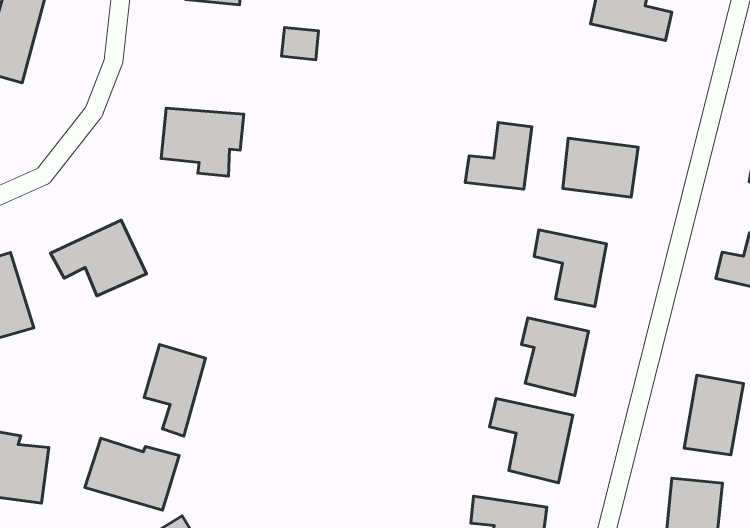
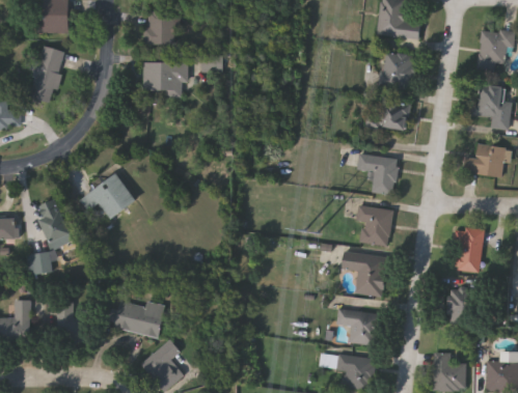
building: none -> [381,53,416,90]
building: [161,108,244,176] -> [143,60,188,96]
building: [465,122,532,189] -> none
building: [144,345,206,436] -> none

